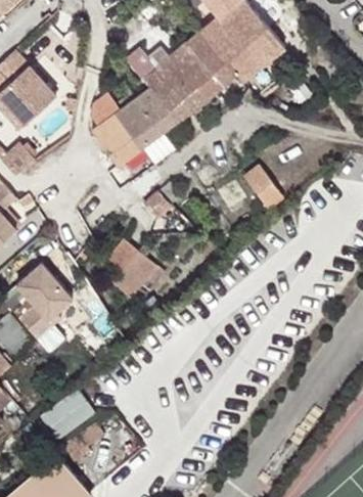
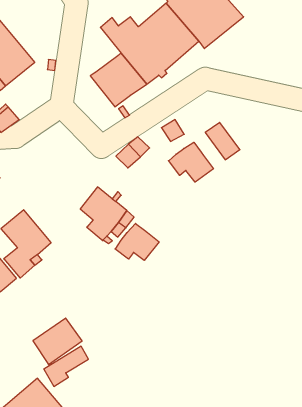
building: [91,98,143,170] -> none
building: none -> [168,142,213,182]
building: none -> [115,223,159,260]

